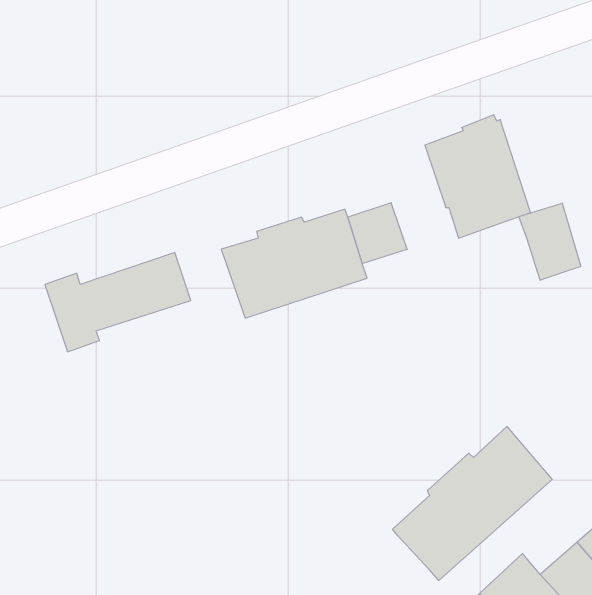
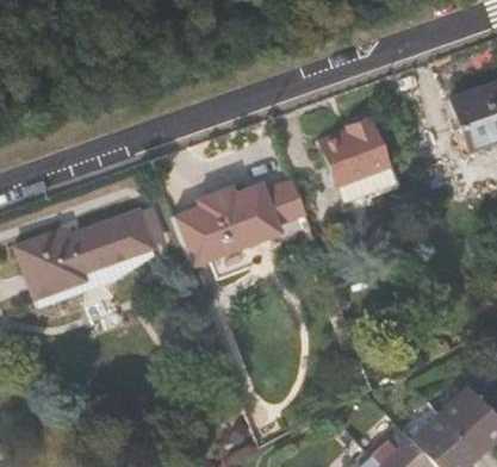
building: [519,203,581,280] -> none
building: none -> [20,235,61,293]
building: [393,427,552,580] -> none

